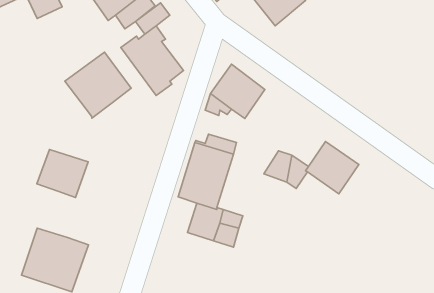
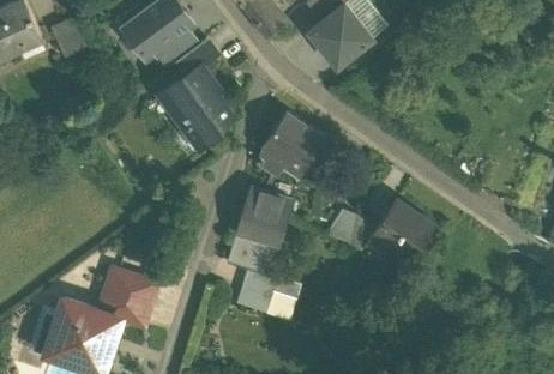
building: [65,52,131,118] -> none
building: [37,149,88,197] -> [98,270,157,325]

